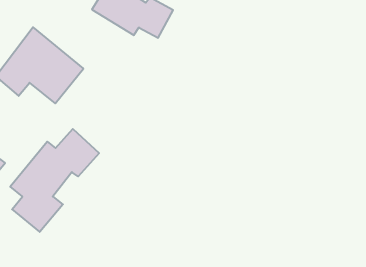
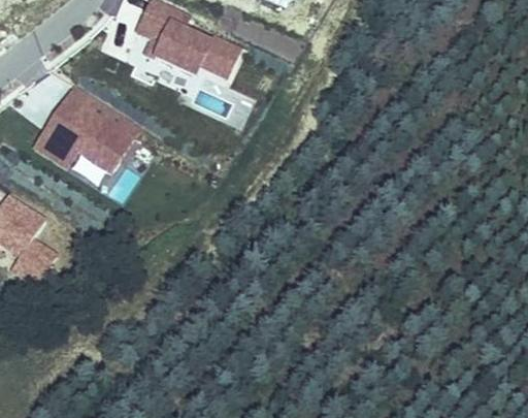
building: [10,129,99,232] -> none

